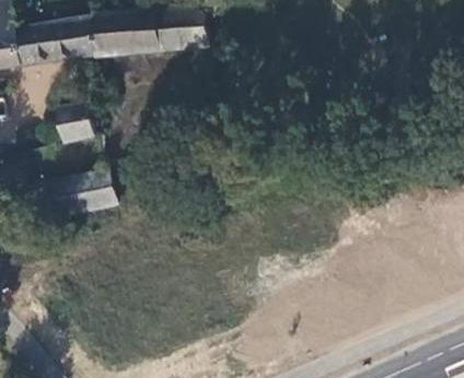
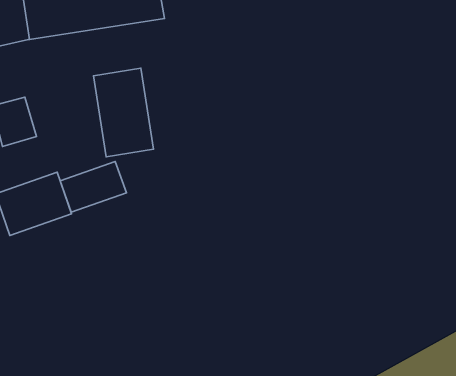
building: none -> [93,68,154,157]
building: none -> [60,162,126,212]

